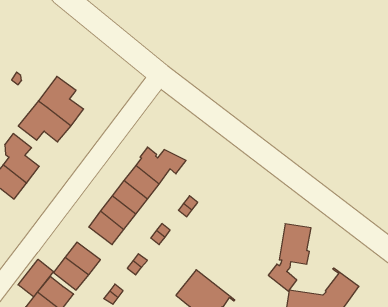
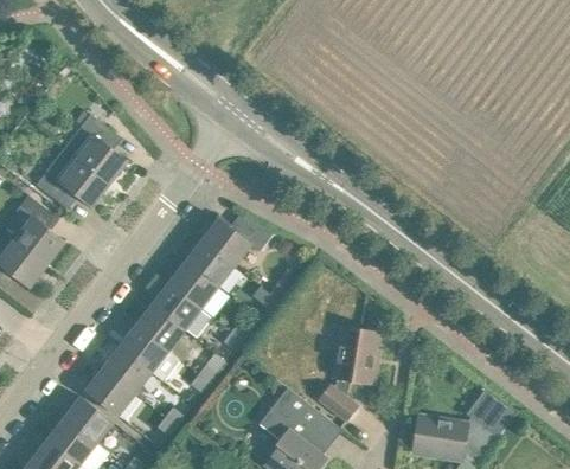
building: [268,224,311,291] -> [316,327,377,422]
building: none -> [117,327,167,373]
building: [18,259,53,297] -> none

